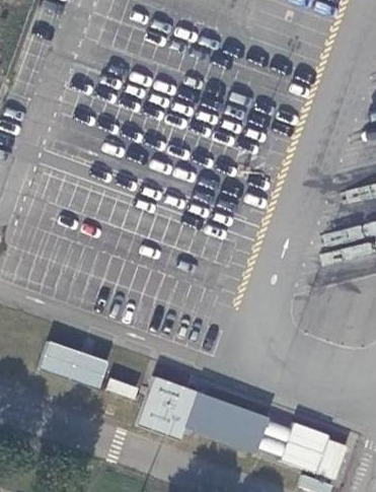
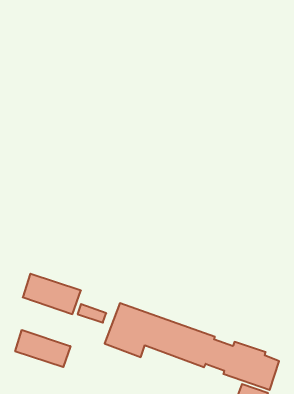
building: none -> [15,330,70,367]

